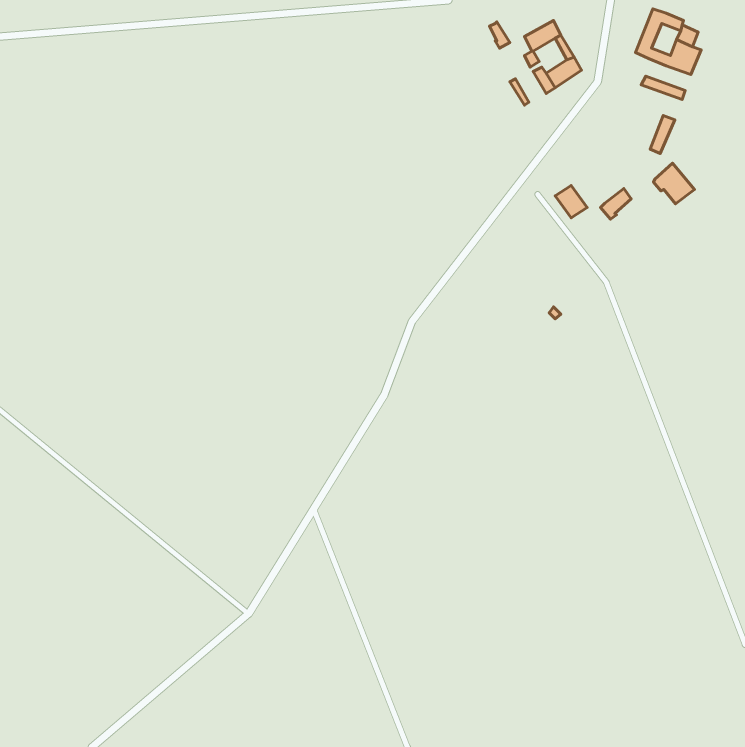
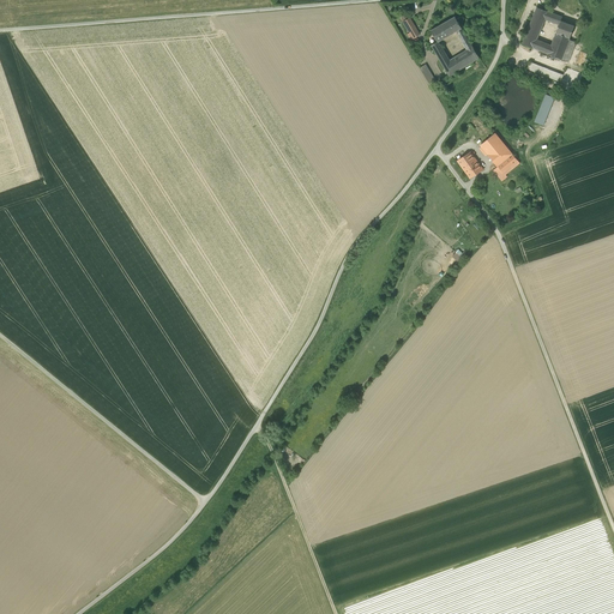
building: [653,163,694,204] -> [478,133,512,167]

